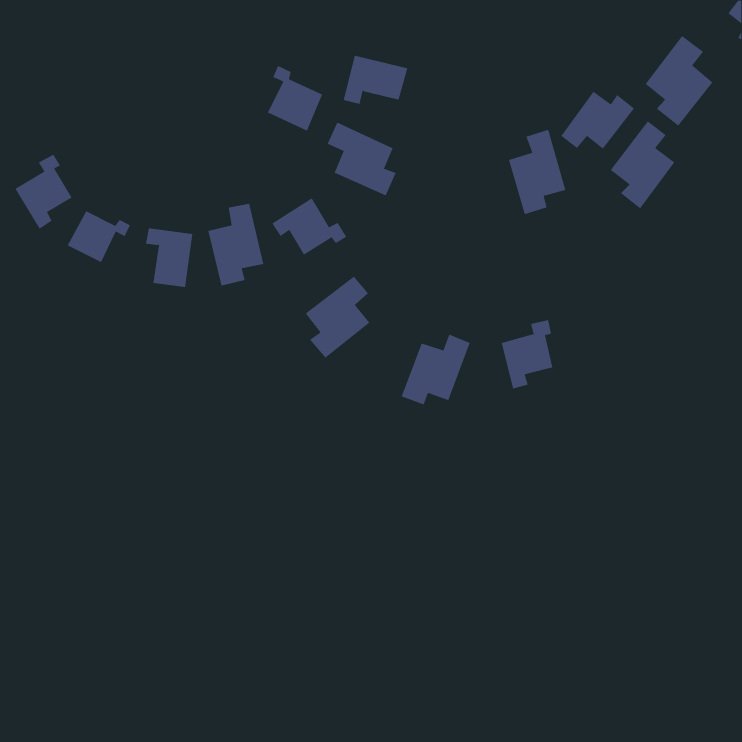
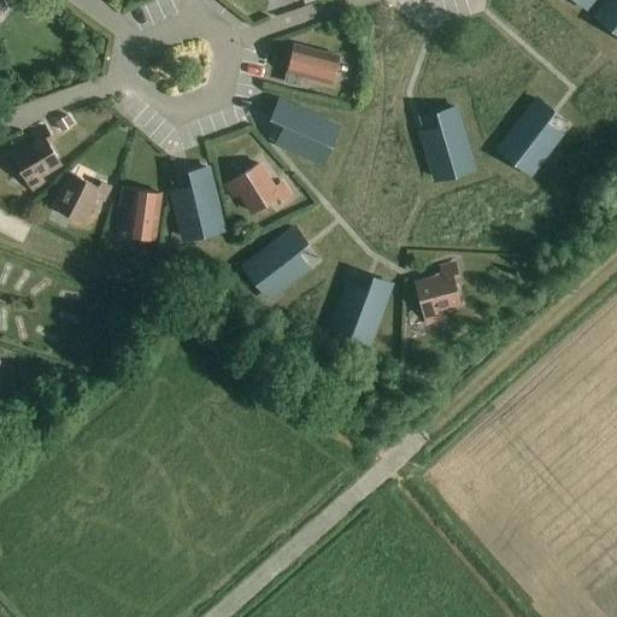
building: [645,35,713,127] -> none
building: [267,65,323,131] -> none
building: [561,91,635,150] -> none

